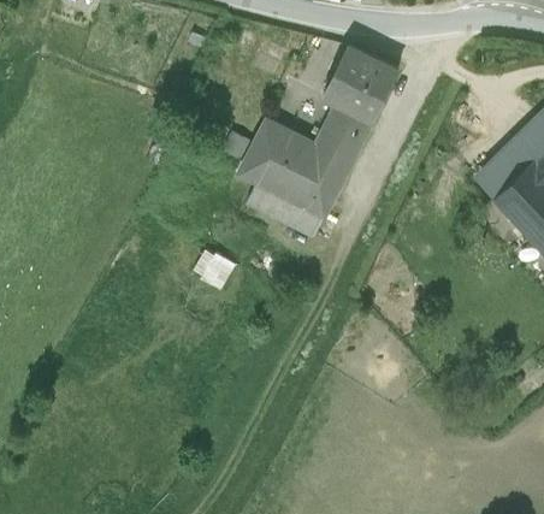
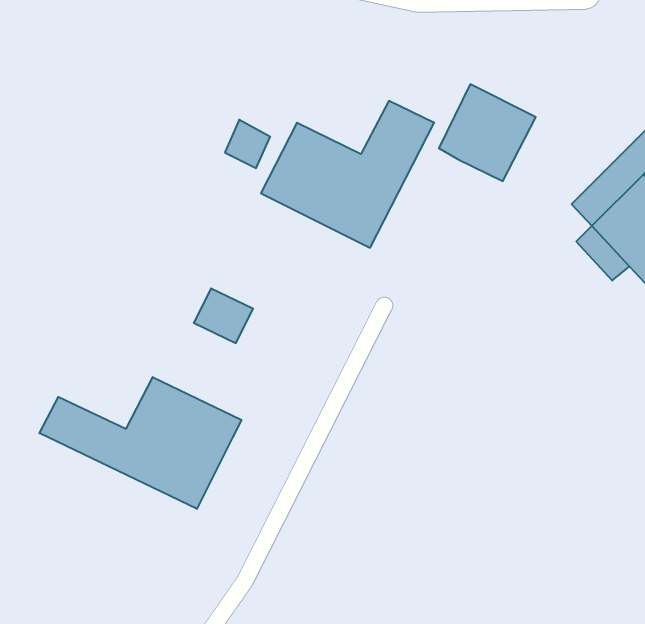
building: [324,45,398,119] -> [439,84,536,181]
building: [247,182,324,236] -> none
building: none -> [39,377,241,509]

